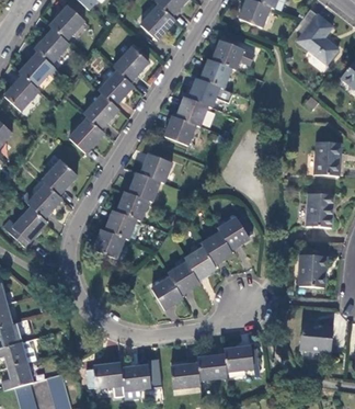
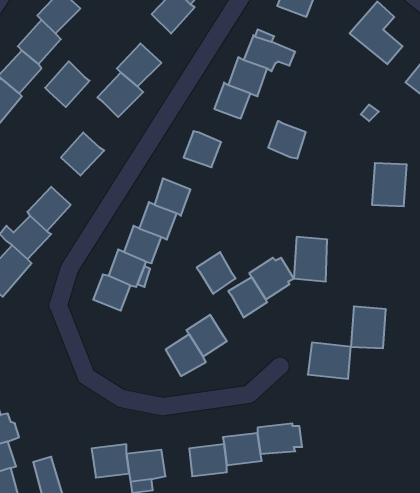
building: [83,93,118,129] -> [45,61,90,107]
building: [177,96,207,126] -> [268,121,306,159]
building: [306,192,332,227] -> [294,237,327,281]
building: [184,246,215,279] -> [197,252,236,294]
building: [298,322,332,351] -> [308,343,351,379]

